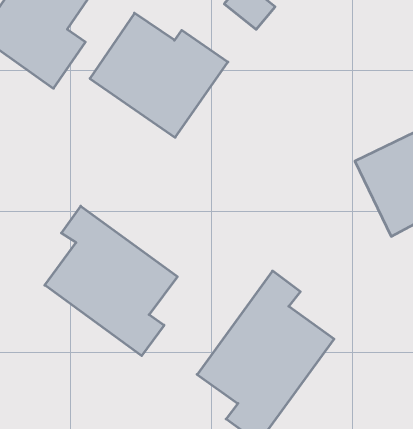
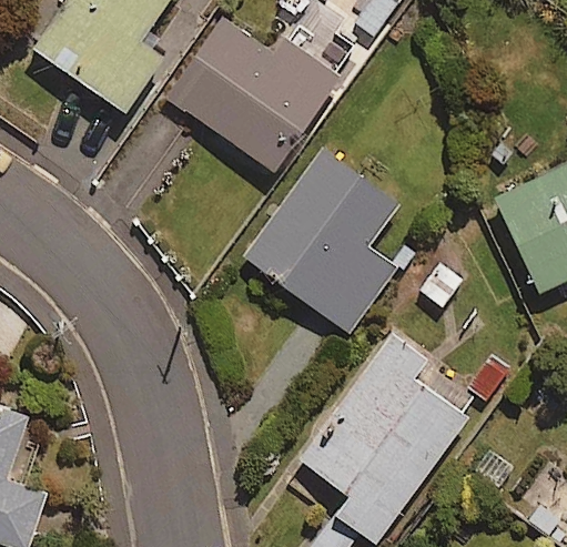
building: none -> [243,150,398,334]
building: [45,206,177,356] -> none

